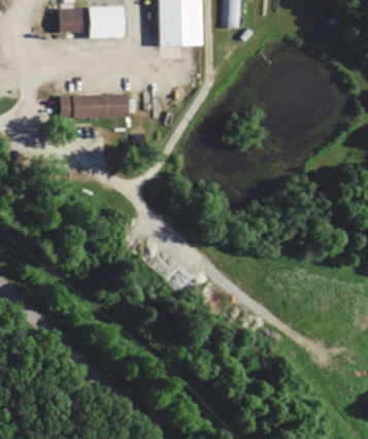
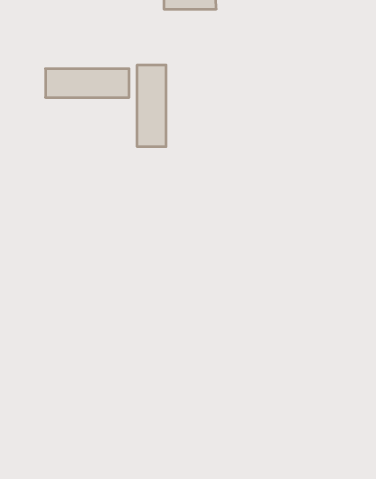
building: none -> [137,65,166,147]

